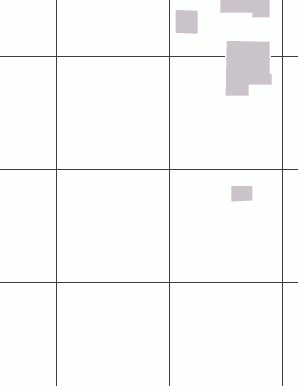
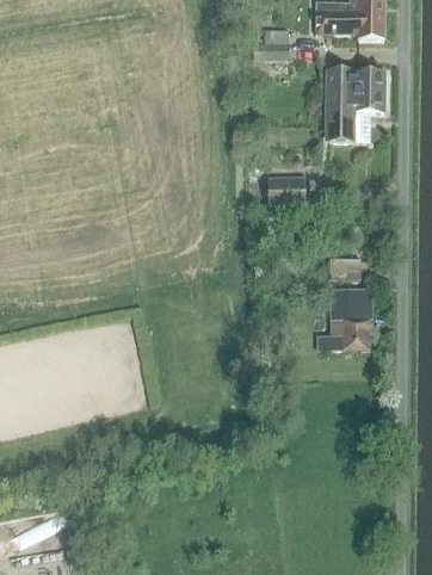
building: none -> [267,175,306,206]
building: none -> [319,289,371,348]

